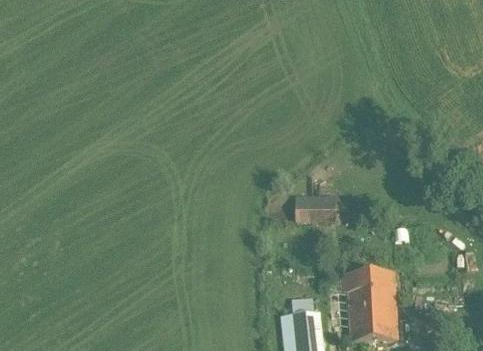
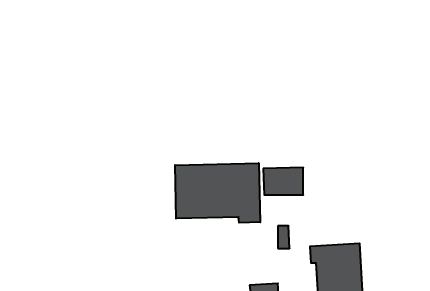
building: none -> [175,163,260,223]

